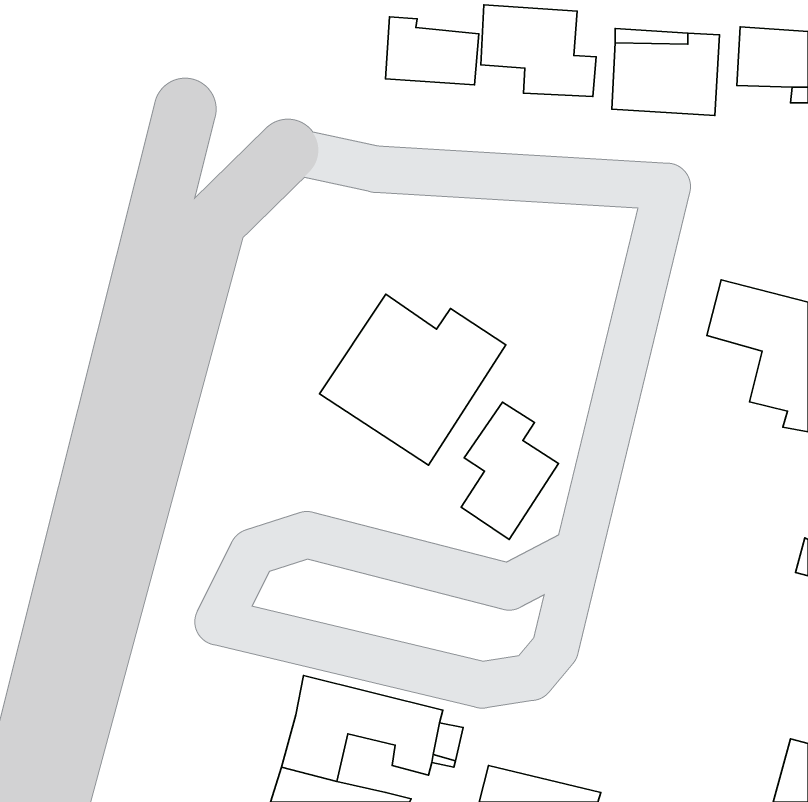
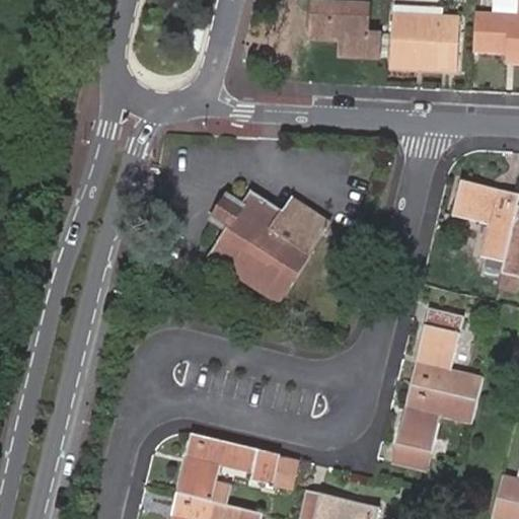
building: [385,17,479,85] -> none
building: [461,402,559,540] -> none
building: none -> [389,309,481,469]

